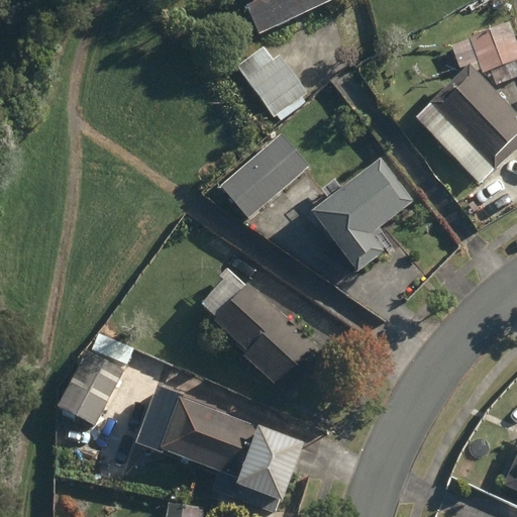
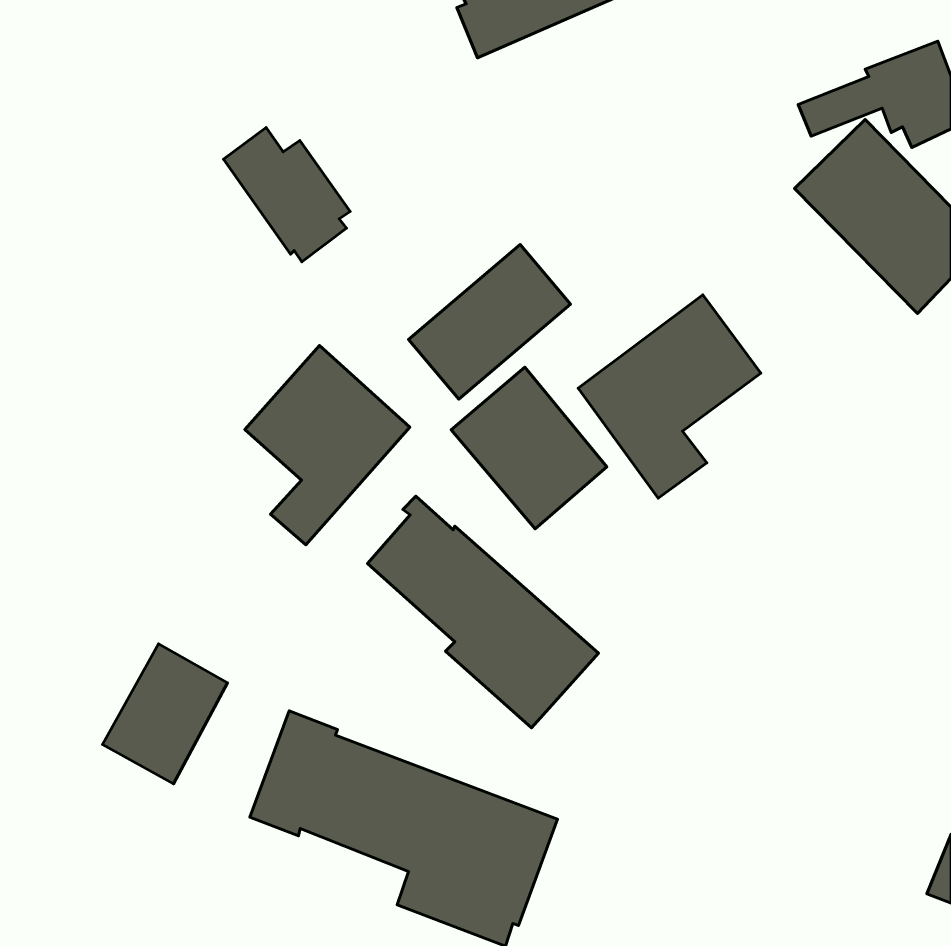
building: [238,46,307,119] -> [223,127,350,262]
building: none -> [245,346,410,545]
building: none -> [451,367,607,529]

